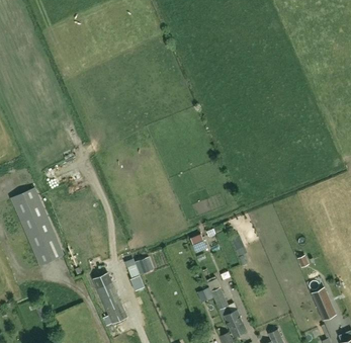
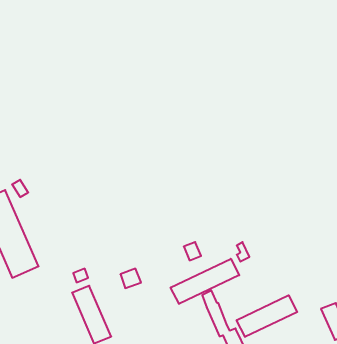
building: none -> [171,259,239,304]
building: none -> [237,295,297,337]

